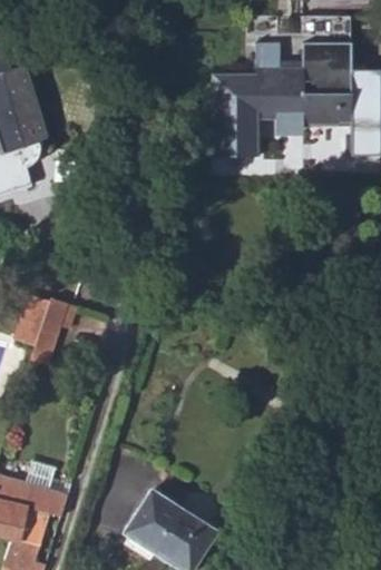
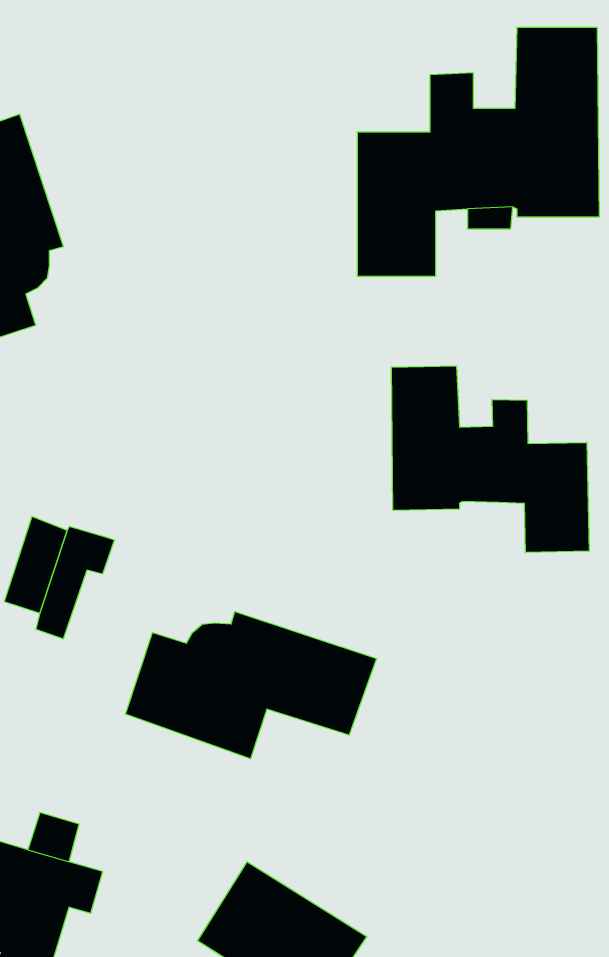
building: none -> [391,366,589,553]
building: none -> [126,611,376,759]

